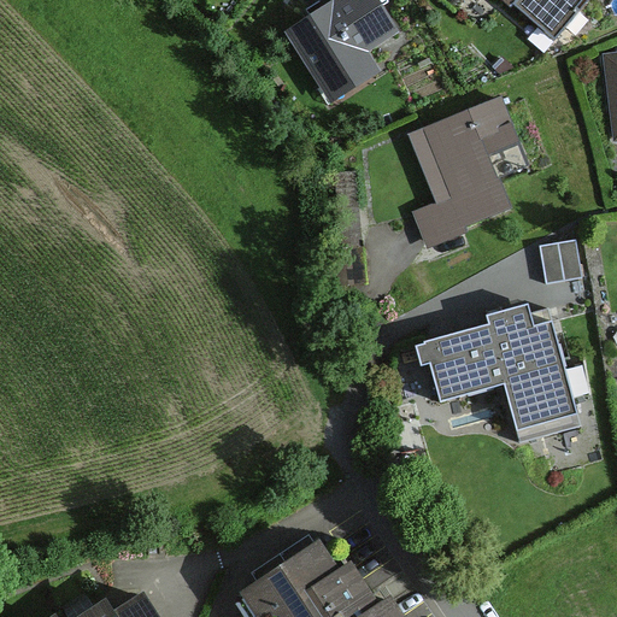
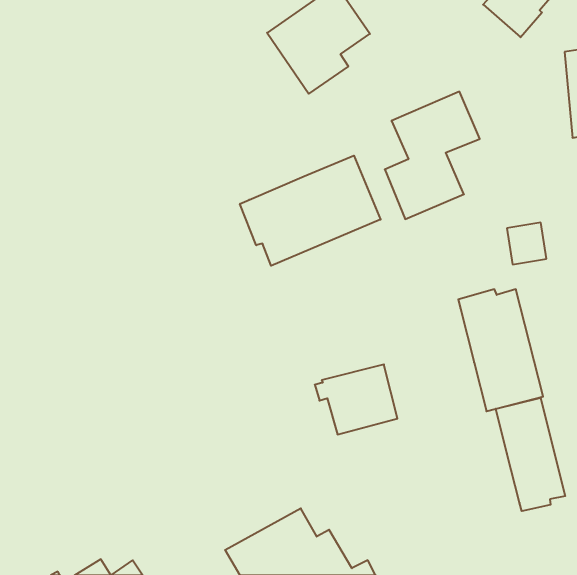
building: none -> [240,156,381,266]
building: [418,329,506,404] -> [315,364,397,434]
building: none -> [496,398,565,511]

